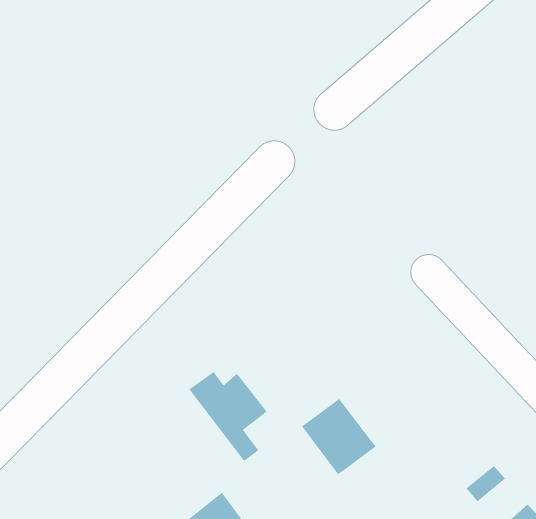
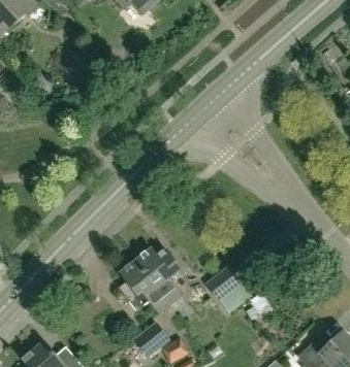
building: none -> [118,260,169,312]

